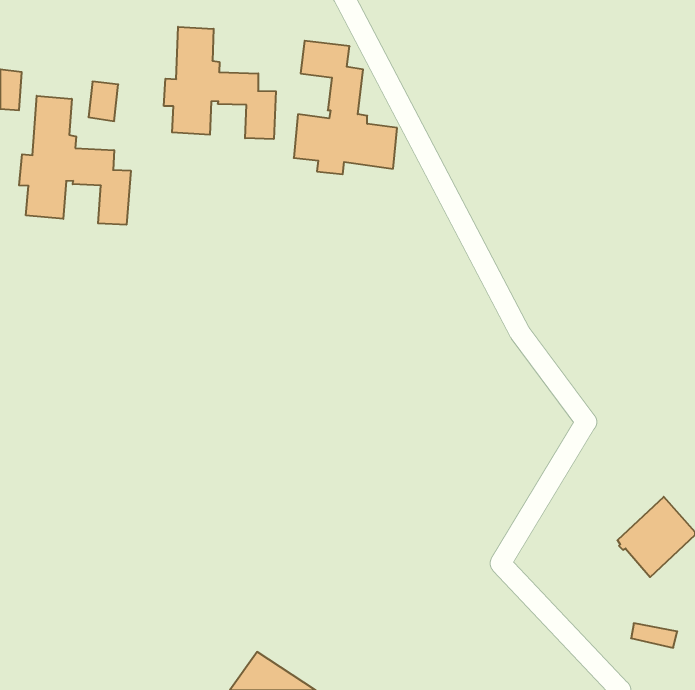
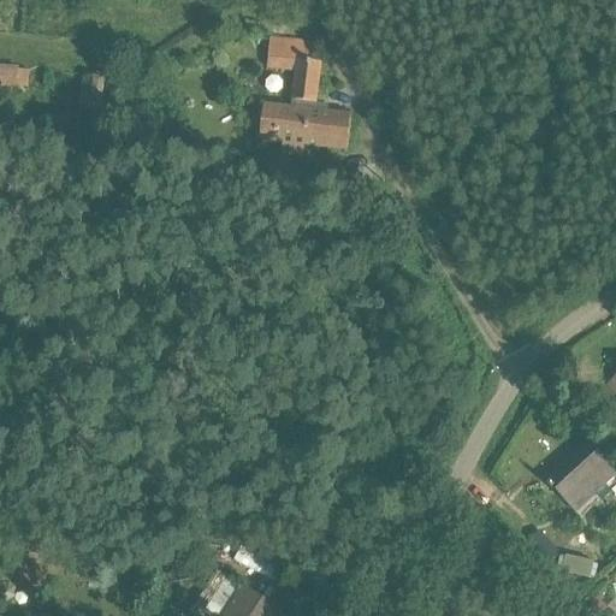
building: [164,27,276,139] -> none
building: [19,96,131,225] -> none

